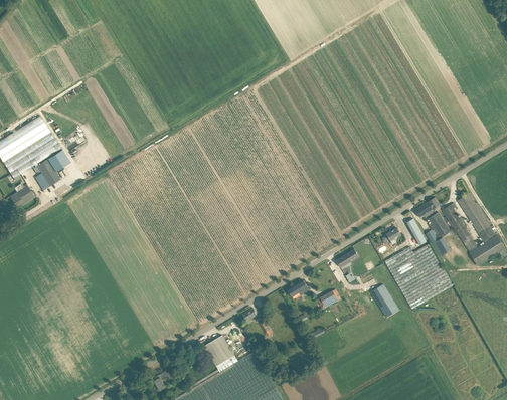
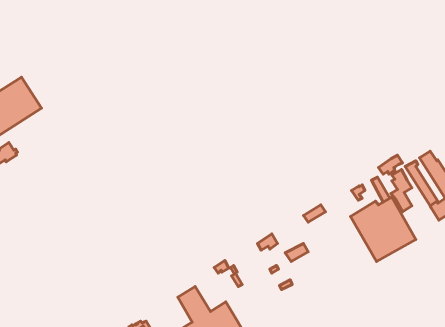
building: [37,151,70,187] -> none
building: [371,285,399,320] -> none

